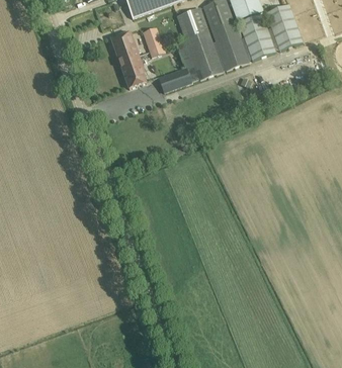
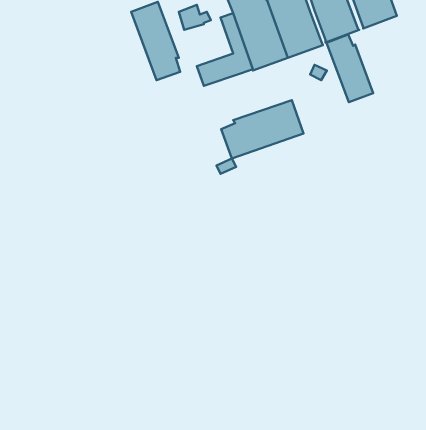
building: none -> [327,34,373,102]
building: none -> [221,100,303,158]

